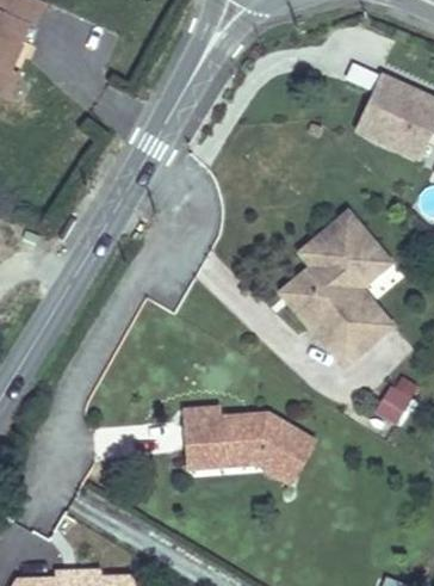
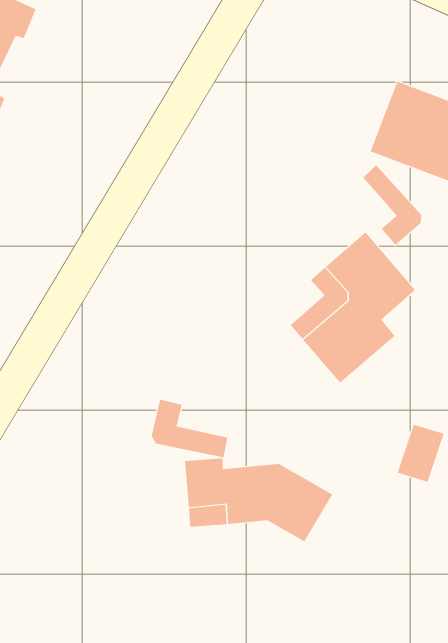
building: none -> [363,164,422,246]
building: [323,298,392,362] -> none
building: none -> [151,399,228,458]

